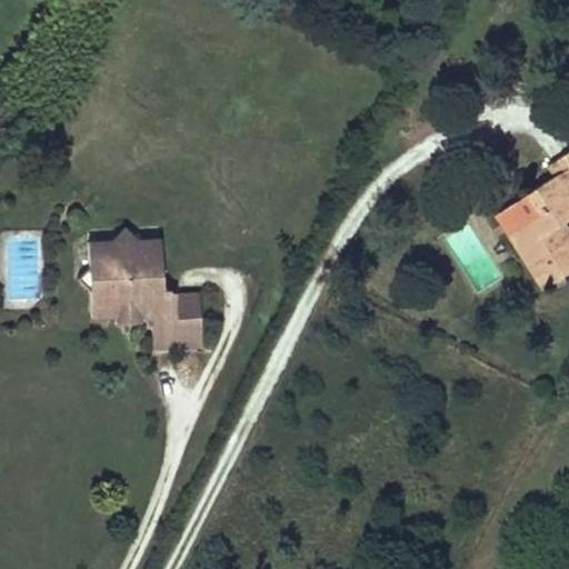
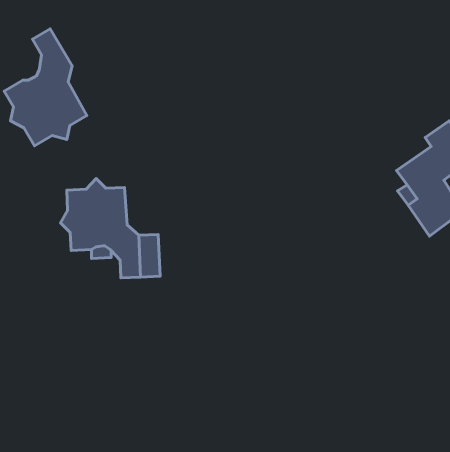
building: none -> [4,29,87,146]

